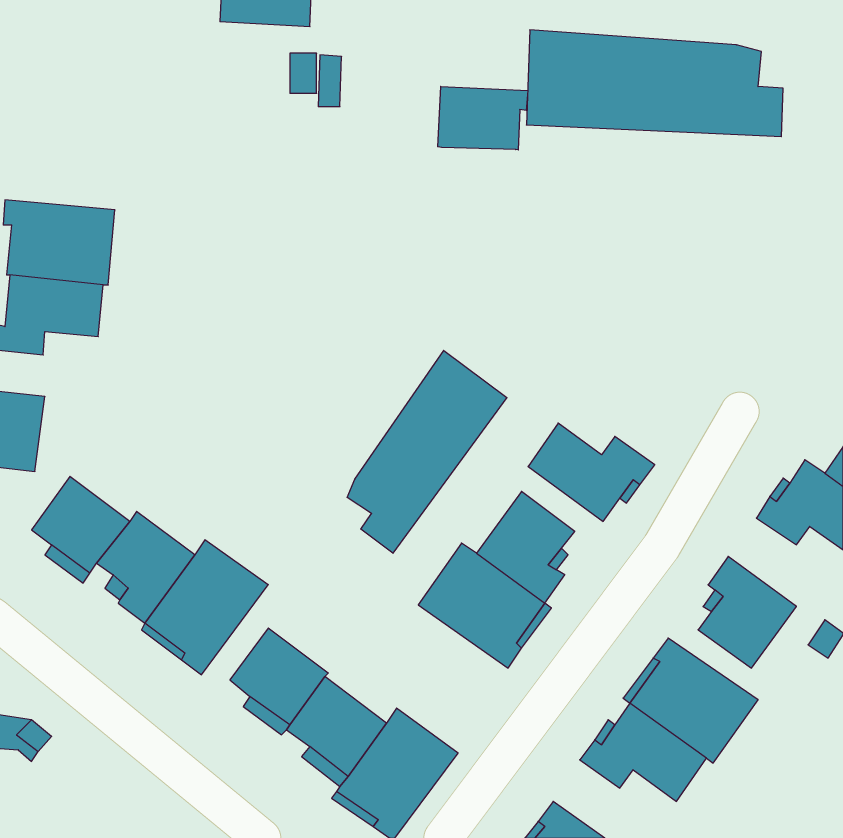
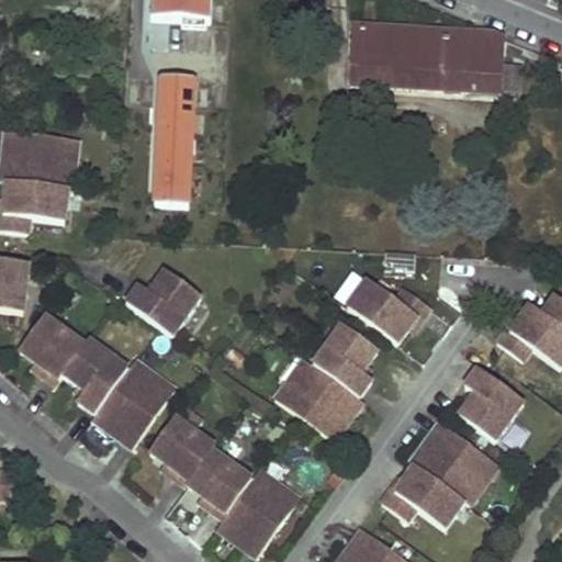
building: [438,86,528,150] -> none
building: none -> [147,74,191,201]
building: [347,350,507,553] -> none
building: none -> [122,266,198,331]

